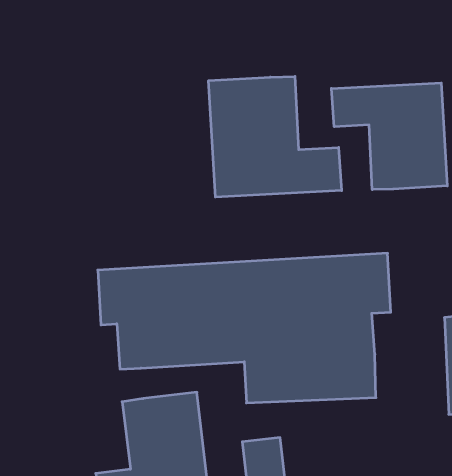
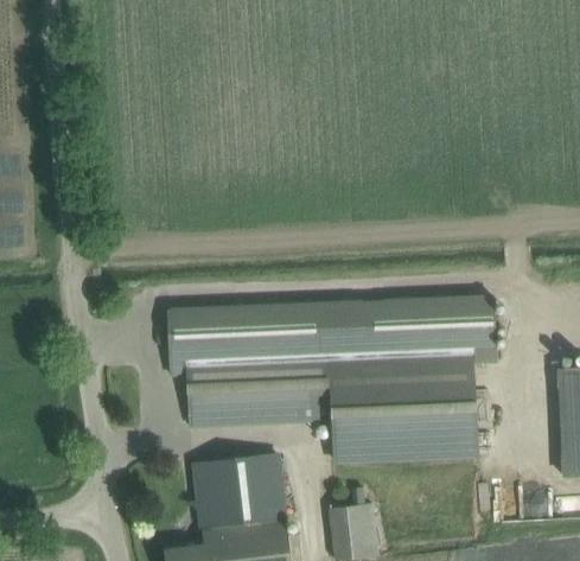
building: [209,76,342,197] -> none
building: [331,83,447,190] -> none

